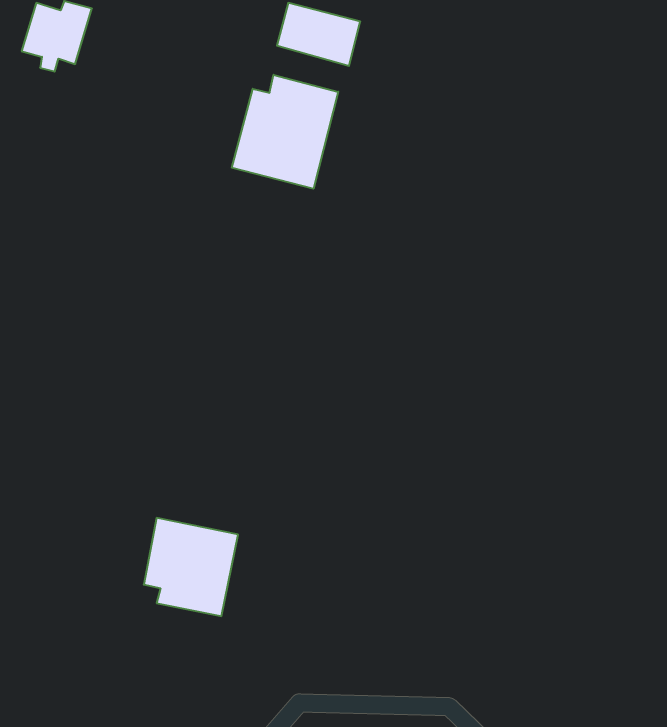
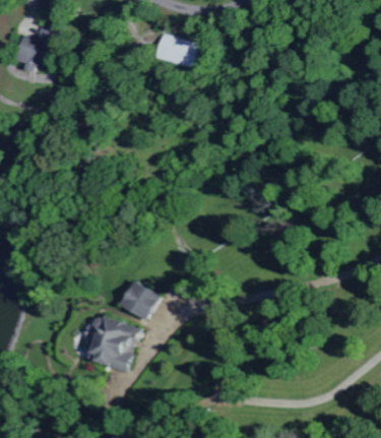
building: [232,75,338,189] -> none
building: none -> [119,281,157,319]

